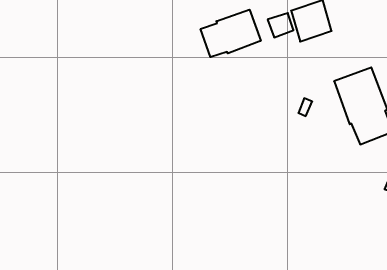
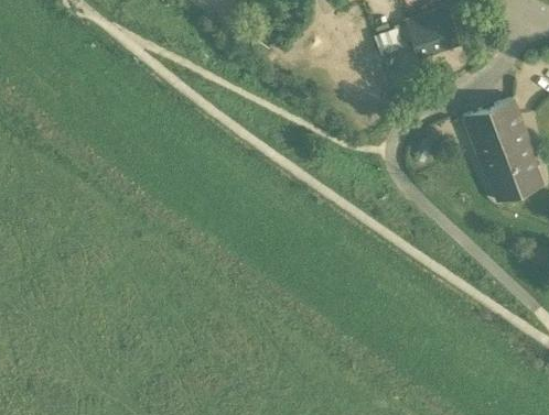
building: [201,10,261,57] -> none

